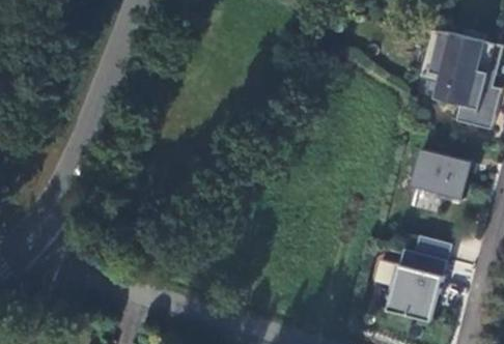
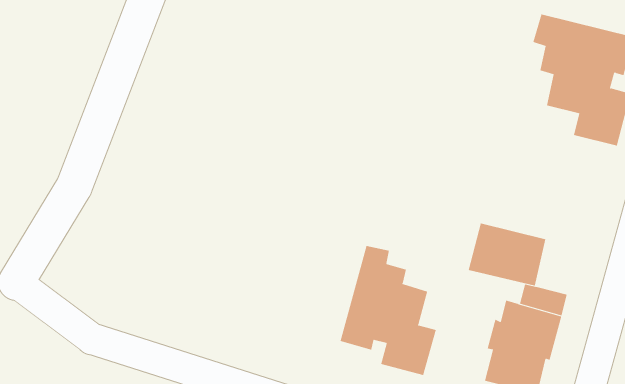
building: [413,149,473,198] -> [468,223,546,286]
building: none -> [340,245,436,376]

